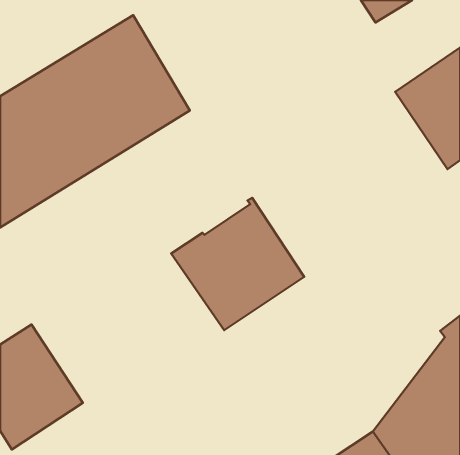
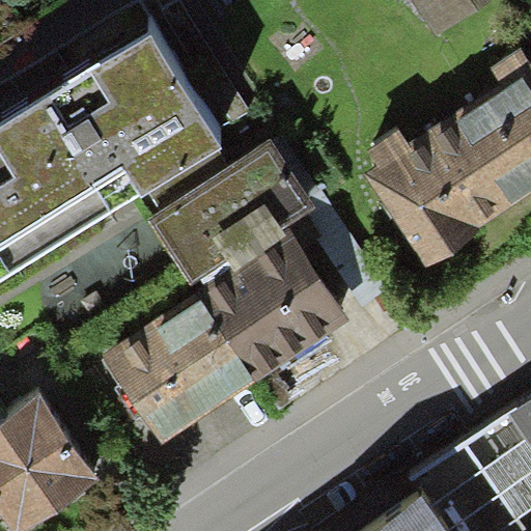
building: none -> [363,111,515,262]
building: none -> [150,145,318,290]
building: none -> [103,298,258,451]

